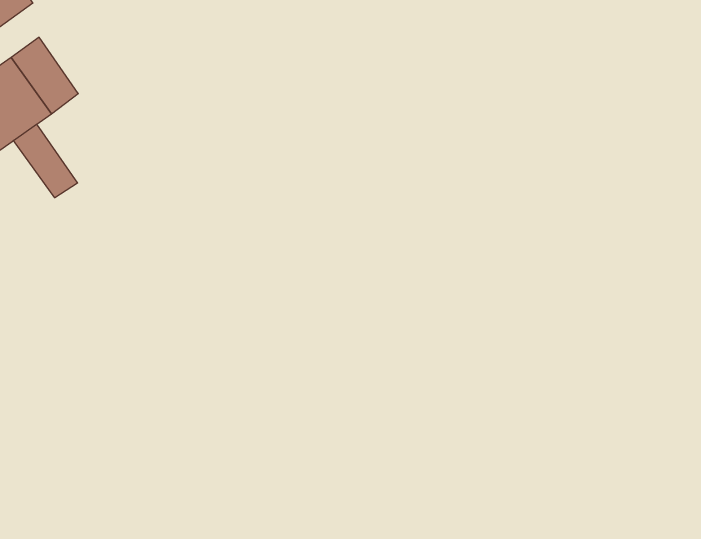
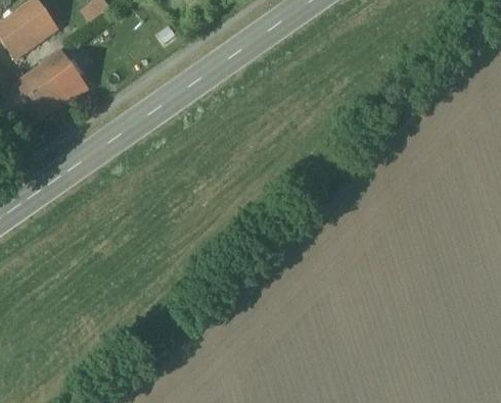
building: [13,124,78,198] -> none

